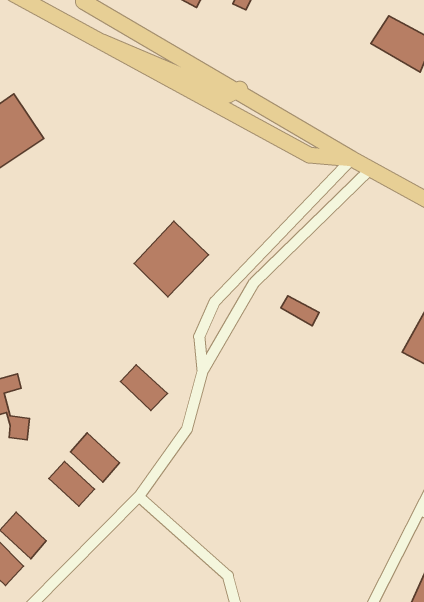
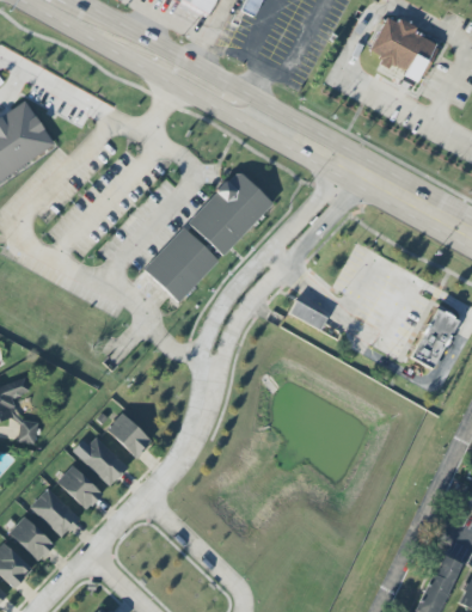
building: none -> [200,175,278,251]
building: [121,365,168,410] -> [106,412,153,458]
building: none -> [30,488,80,537]

